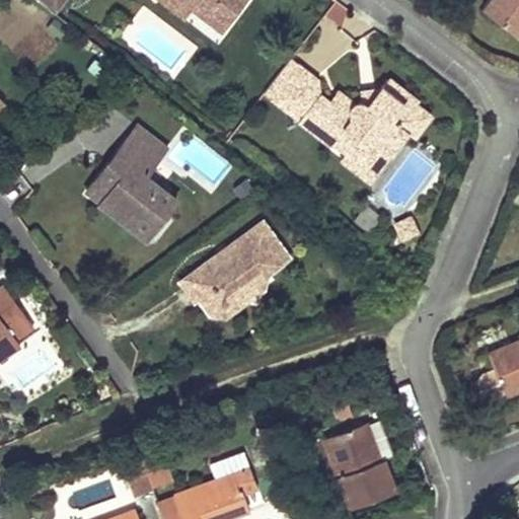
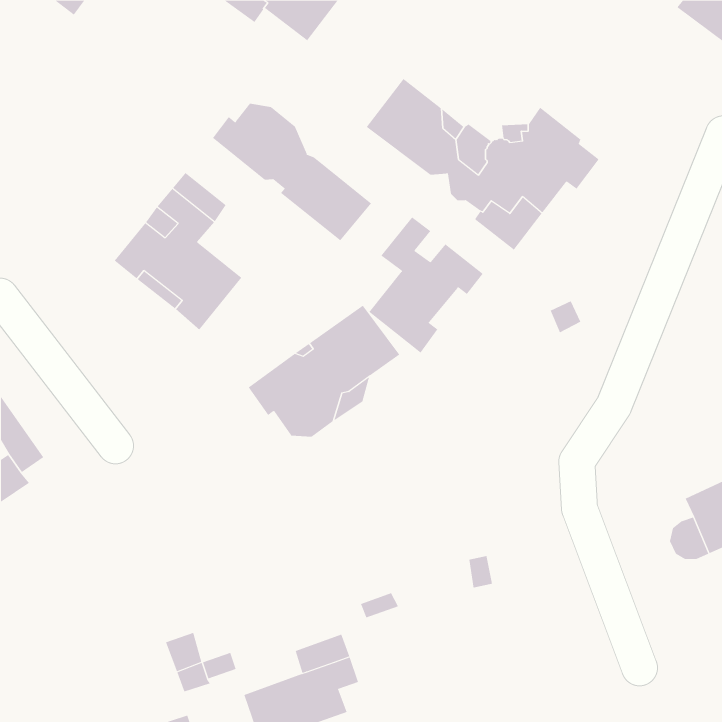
building: none -> [212,103,372,241]
building: none -> [369,217,483,353]
building: [326,426,396,511] -> none

